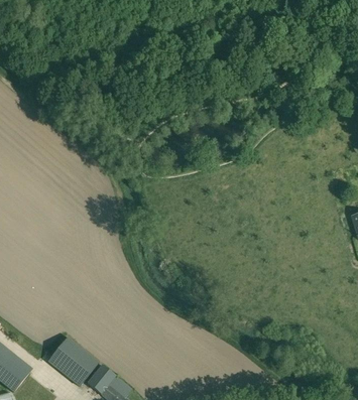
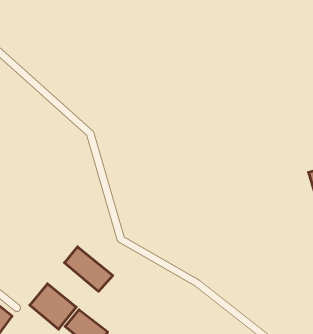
building: none -> [64,247,113,291]

